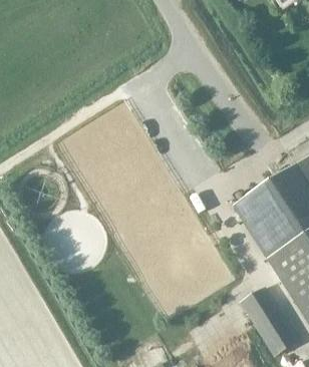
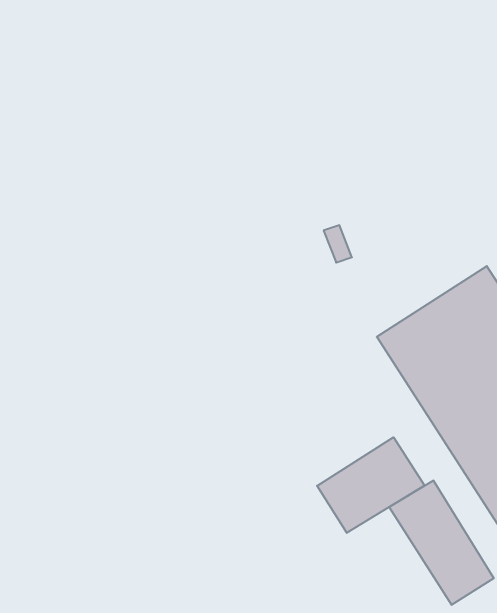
building: none -> [317,437,425,533]

